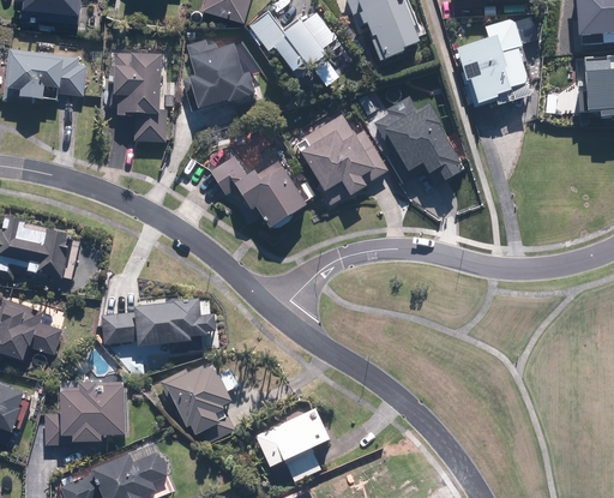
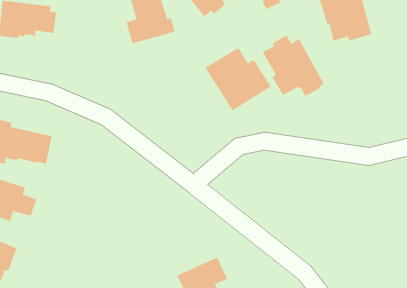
building: [110,54,168,142] -> none
building: [213,157,306,227] -> none
building: [103,301,215,344] -> none
building: [162,365,237,442] -> none
building: [47,383,125,444] -> none

